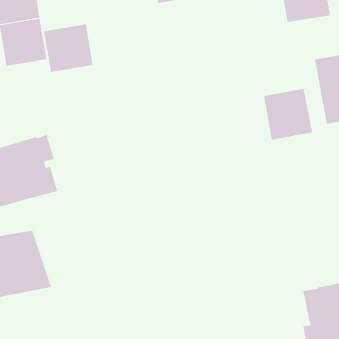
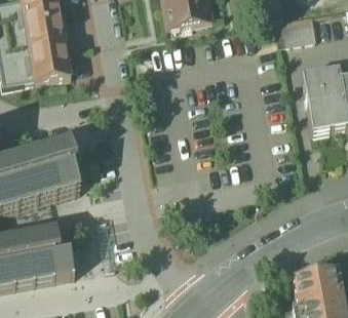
building: [44,24,93,73] -> none
building: [264,88,313,140] -> none

